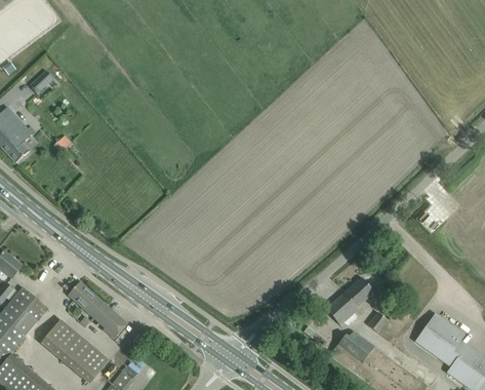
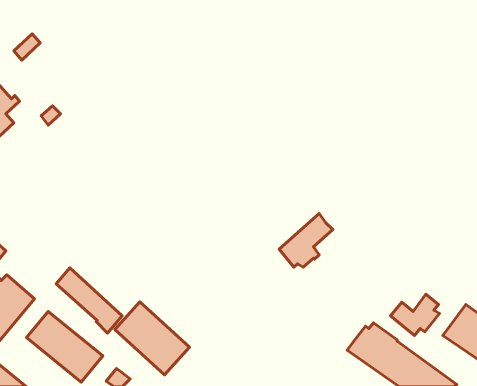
building: [326,277,374,325] -> [279,214,333,267]
building: none -> [115,302,190,375]

